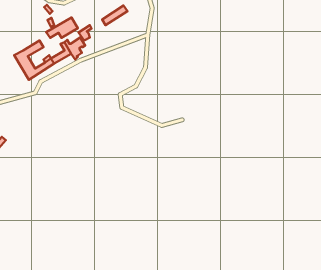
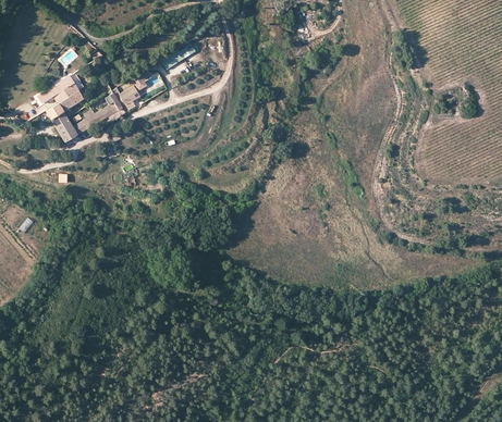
building: [46,18,78,38] -> [36,76,78,103]

